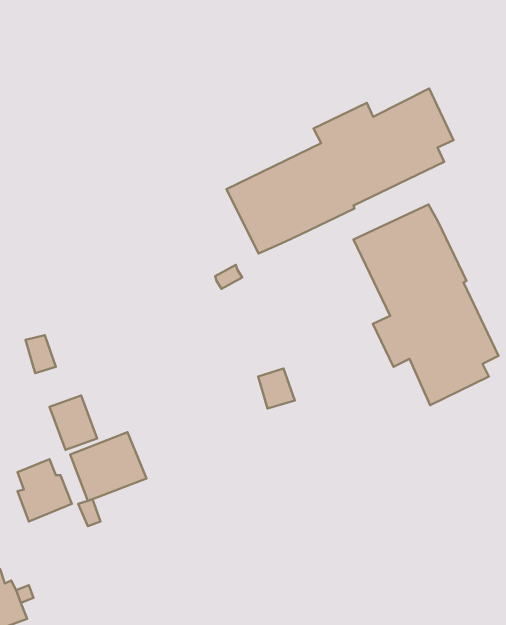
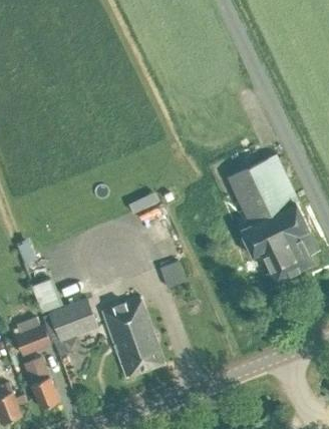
building: [226,89,454,253] -> none
building: none -> [100,298,163,379]
building: none -> [23,357,58,409]

